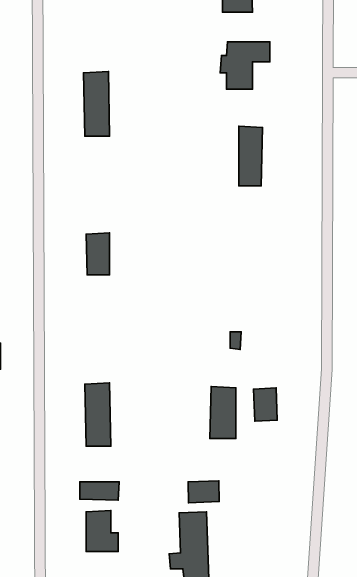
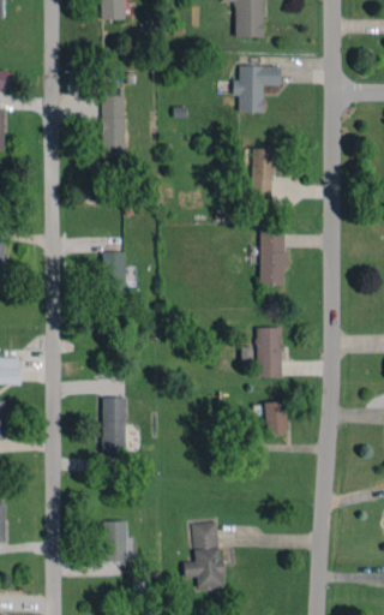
building: none -> [260,228,286,285]
building: [210,386,236,439] -> [257,327,282,377]
building: [188,481,219,503] -> none
building: [80,482,119,500] -> none

